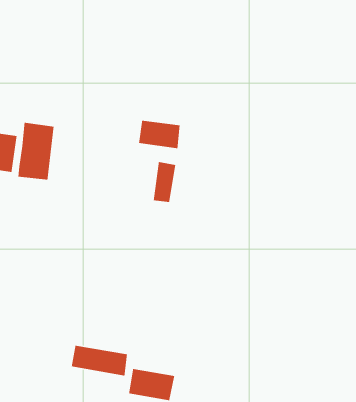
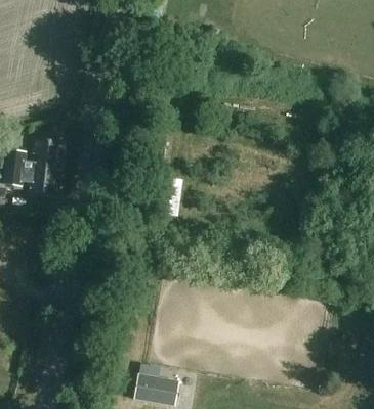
building: [138,120,181,149] -> none
building: [71,345,128,376] -> none

